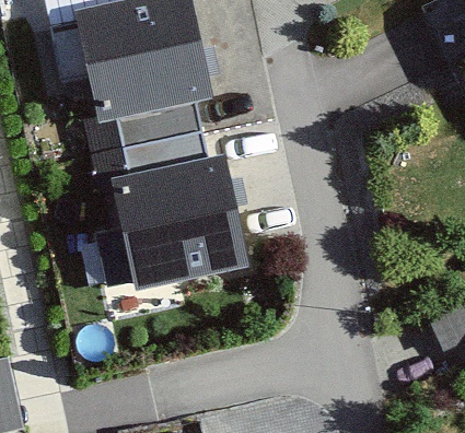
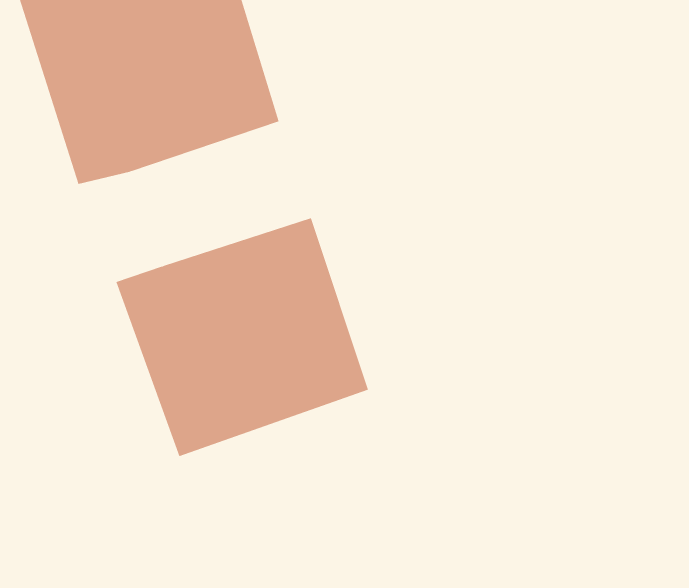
building: [115,103,216,177] -> none

